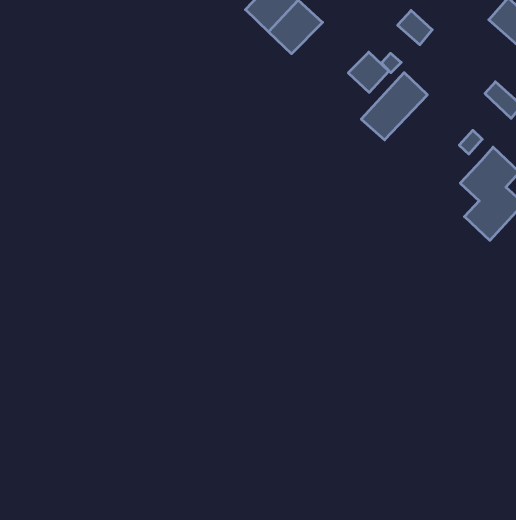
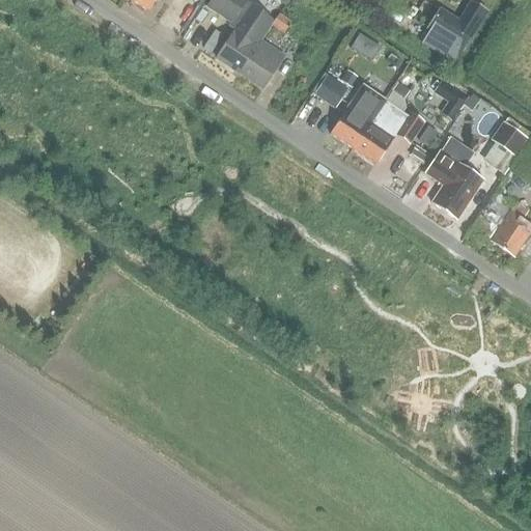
building: none -> [355,90,425,162]

